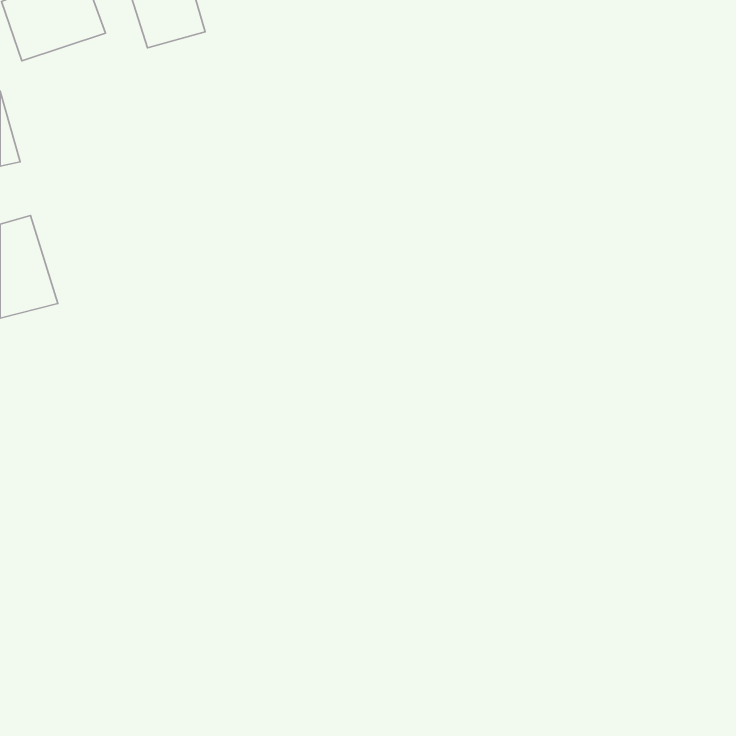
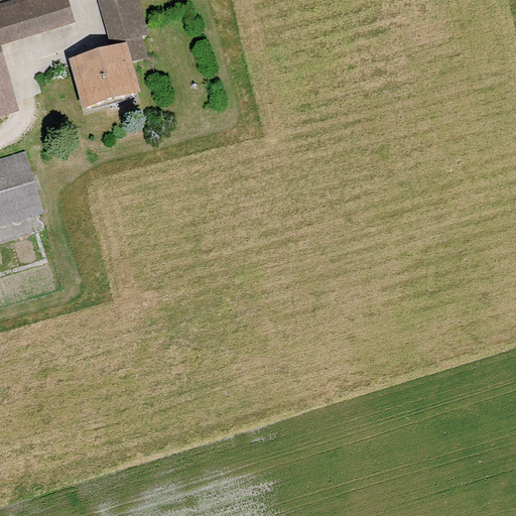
building: none -> [64,41,135,107]

